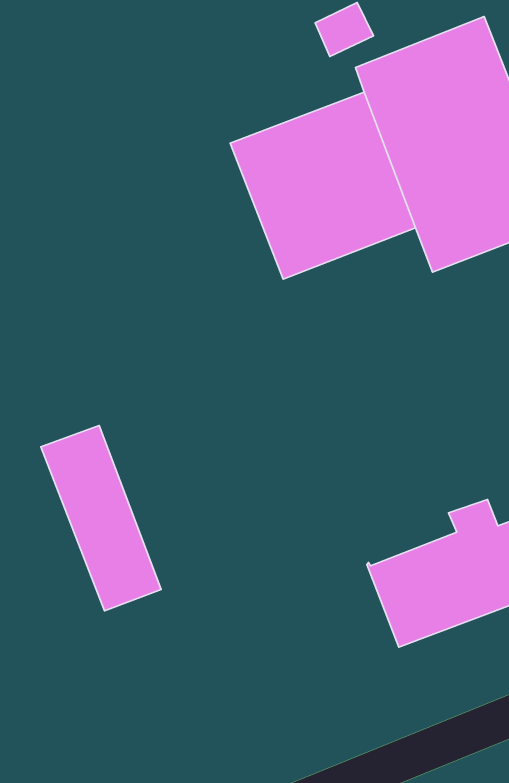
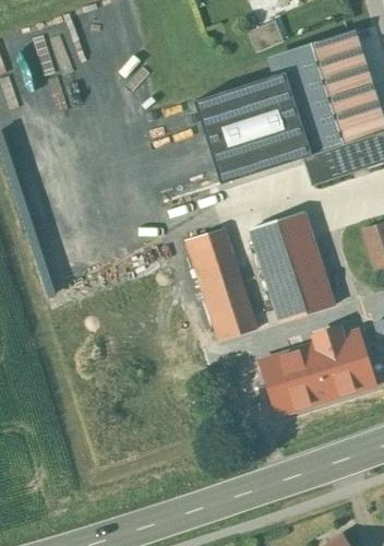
building: none -> [251,212,332,321]
building: [41,425,161,611] -> [187,227,254,340]

